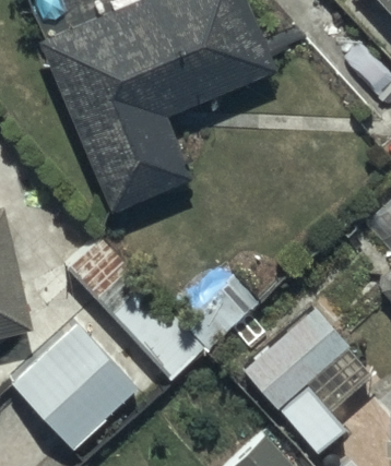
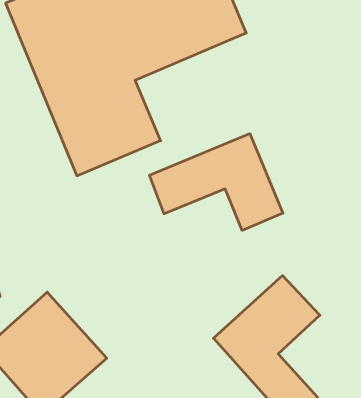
building: none -> [150,134,283,230]

